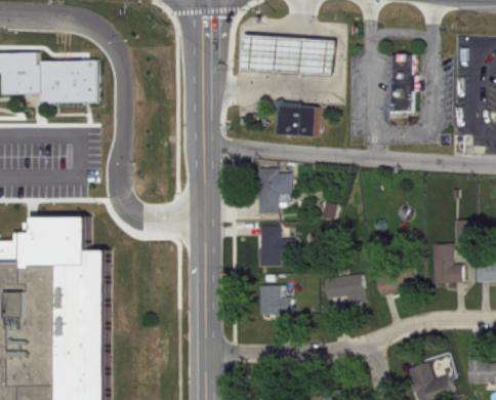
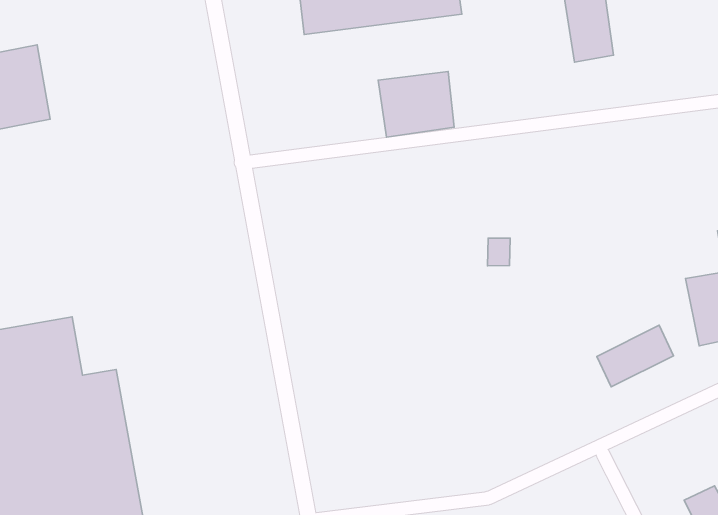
building: [257,168,291,214] -> none
building: [259,227,294,267] -> none
building: [324,275,365,306] -> none
building: [259,287,291,316] -> none

